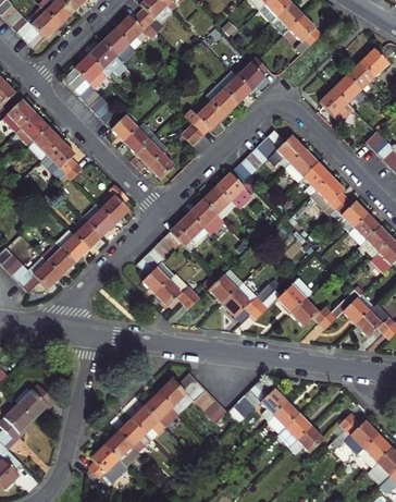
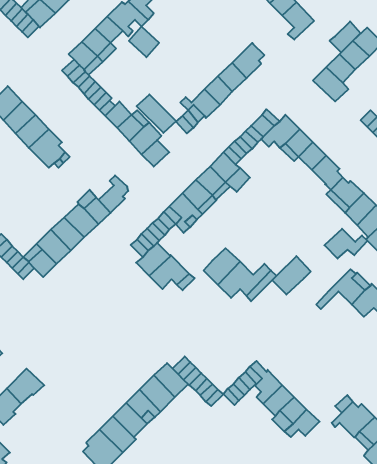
building: none -> [330,21,360,52]
building: none -> [129,26,159,57]
building: none -> [137,94,176,133]
building: [289,293,332,322] -> [324,229,367,259]

